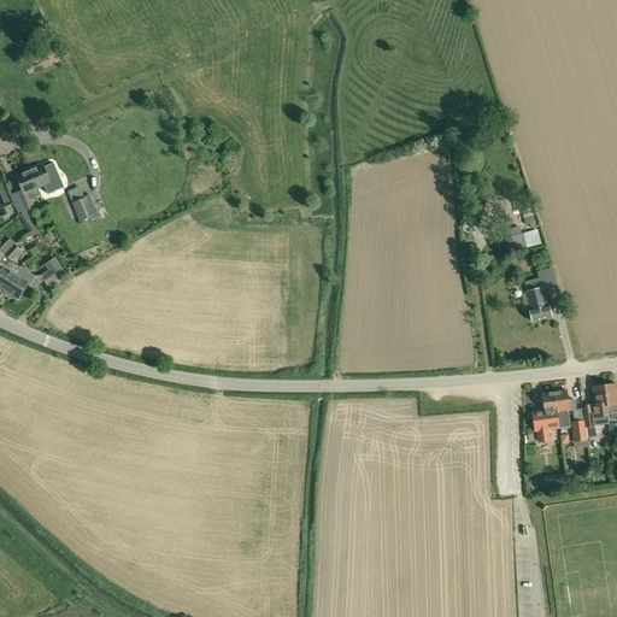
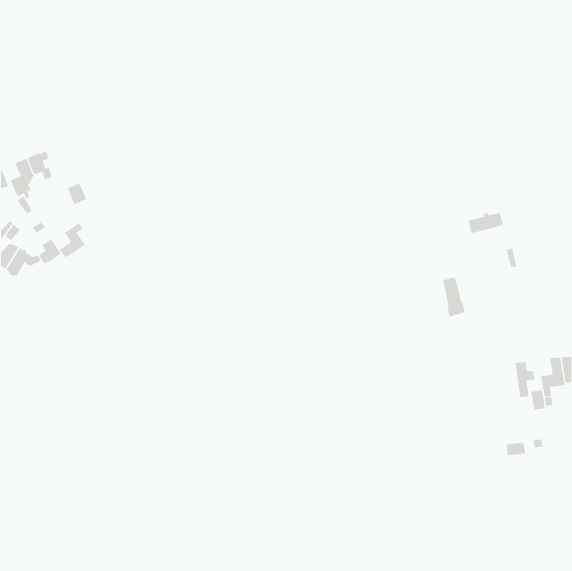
building: none -> [59,222,85,258]
building: [524,277,550,321] -> [442,277,466,317]
building: [536,390,559,441] -> none

